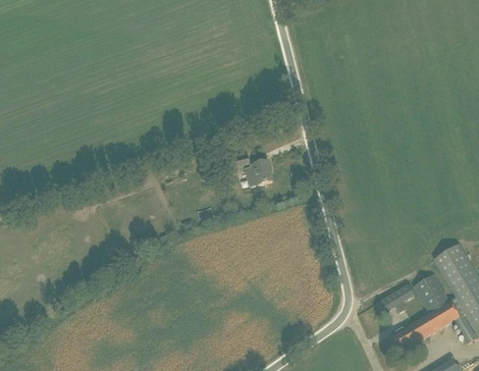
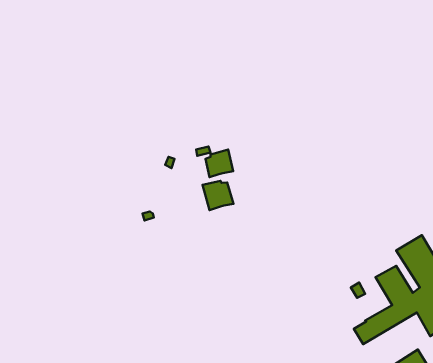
building: none -> [202,181,234,210]

